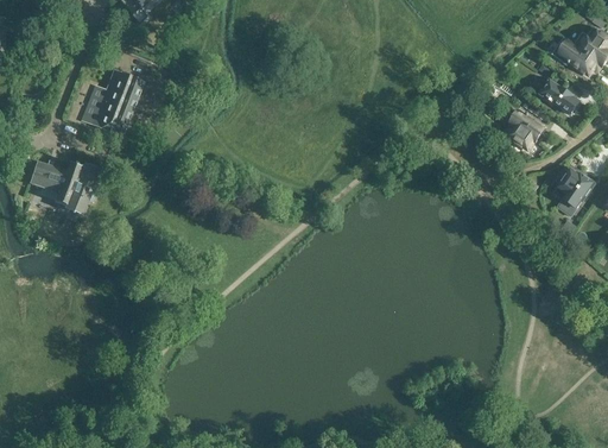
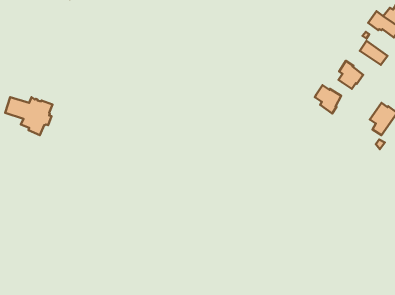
building: [81,69,145,137] -> none
building: none -> [315,85,341,114]

